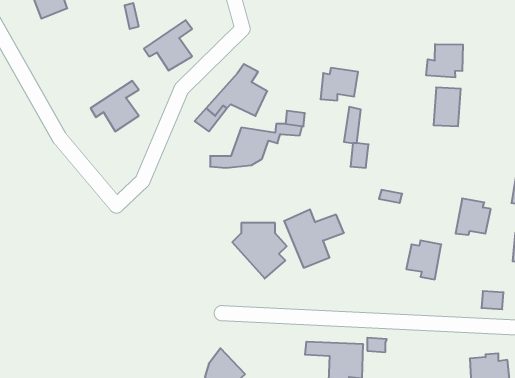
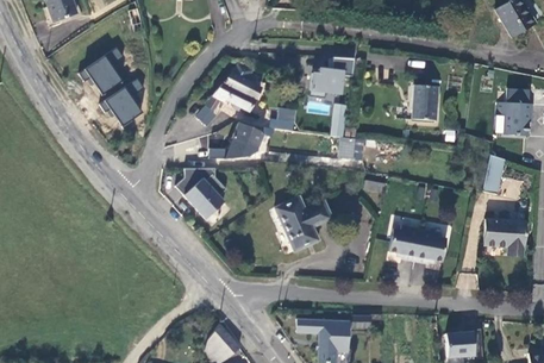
building: [144,20,192,71] -> [79,46,123,93]
building: [426,44,463,77] -> none
building: [456,198,491,235] -> [414,229,446,262]
building: [232,223,287,279] -> [176,167,226,218]

